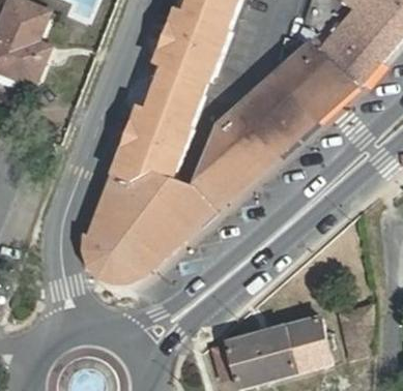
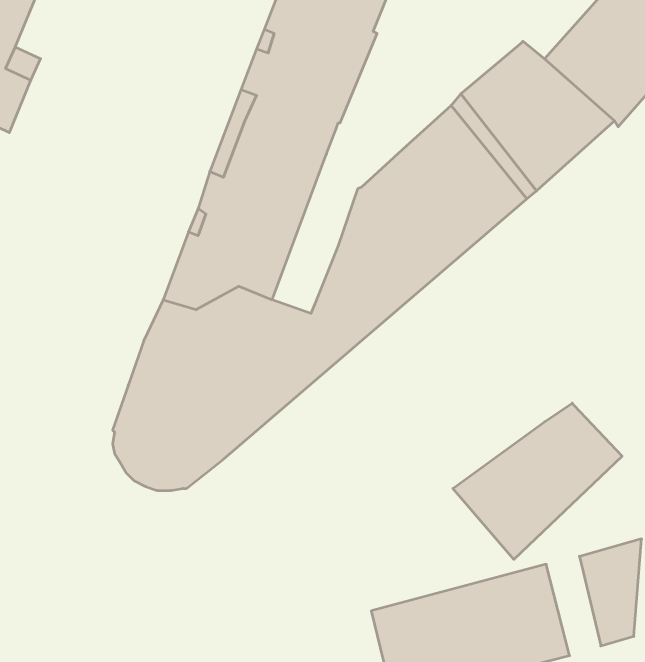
building: none -> [453,403,622,559]

